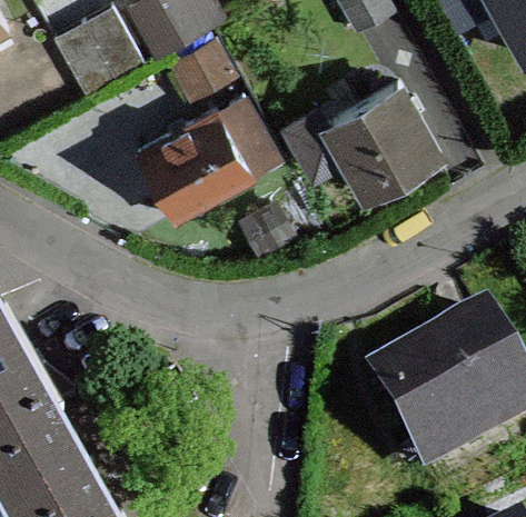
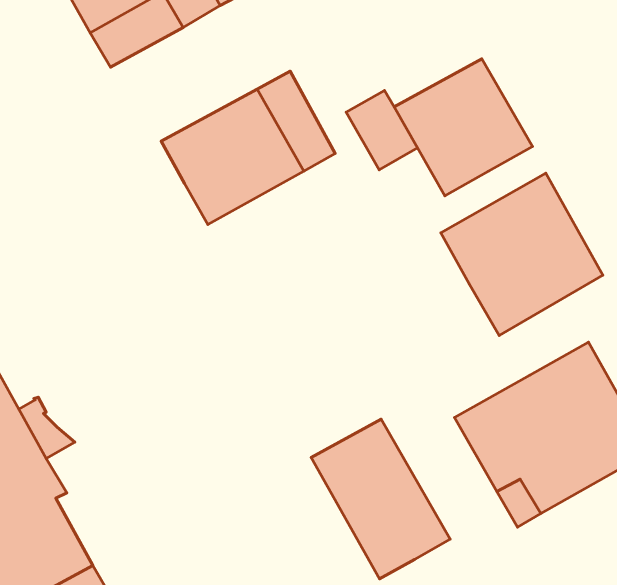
building: none -> [441,173,603,336]
building: none -> [311,419,450,579]

